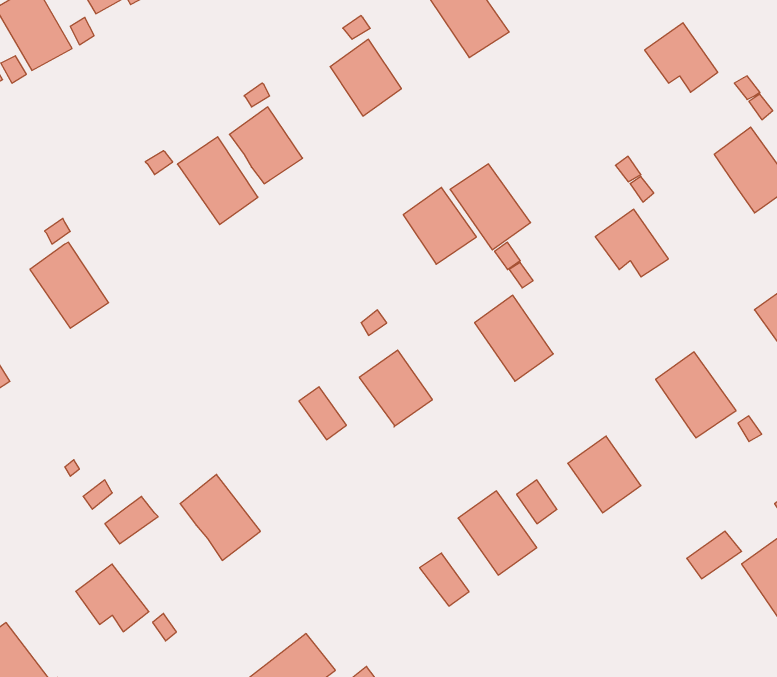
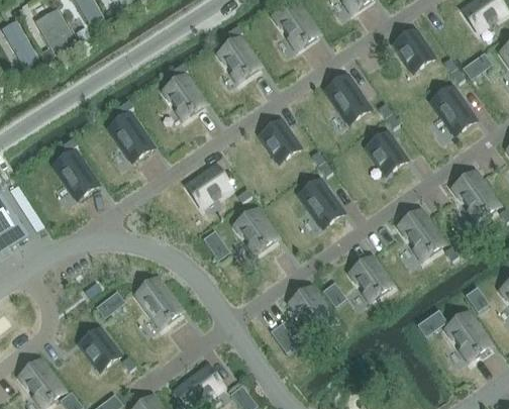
building: [177,137,258,225] -> [108,112,152,161]
building: [450,164,531,250] -> [325,75,370,122]
building: none -> [187,165,228,205]

